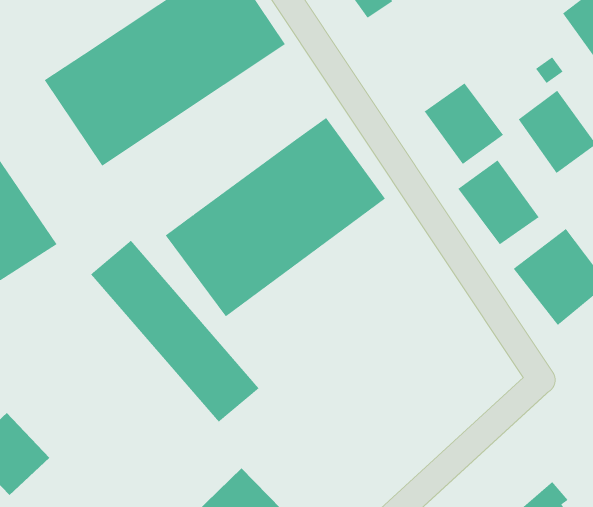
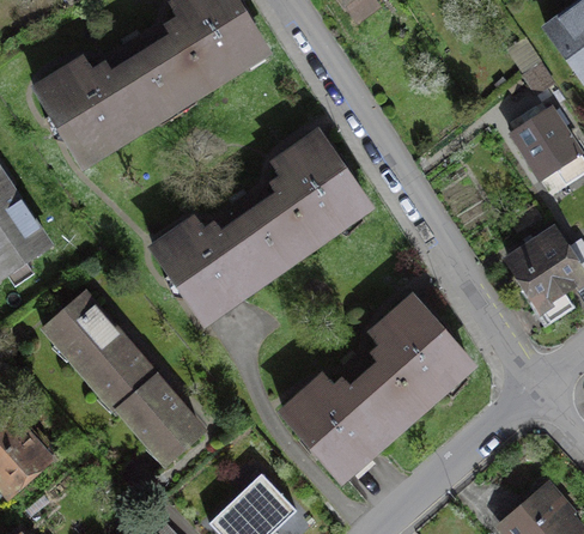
building: [424,82,504,165] -> none
building: [457,159,540,245] -> none
building: [90,240,259,423] -> [43,292,207,469]
building: none -> [281,289,482,481]

